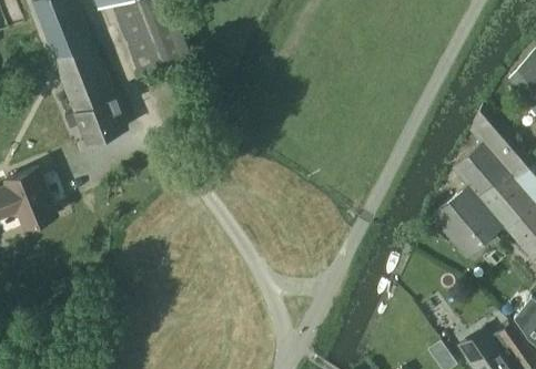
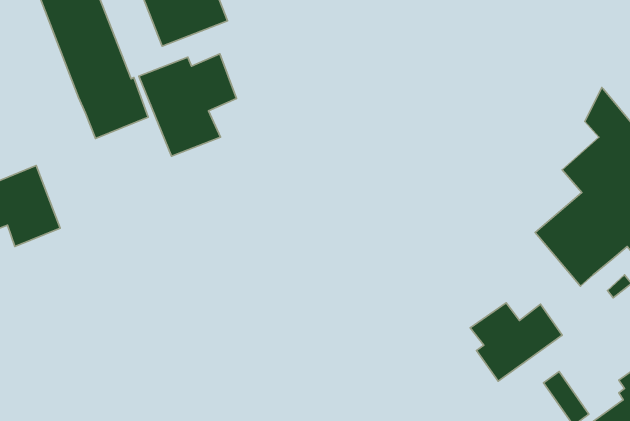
building: none -> [139,54,237,156]
building: none -> [470,303,562,381]

